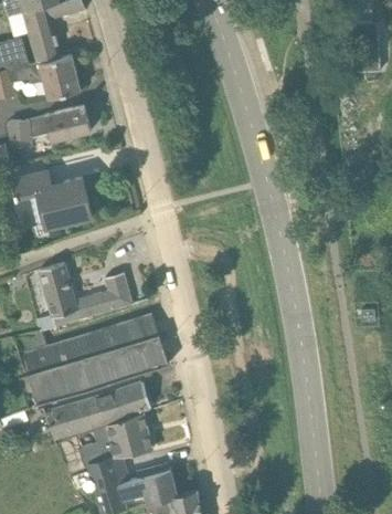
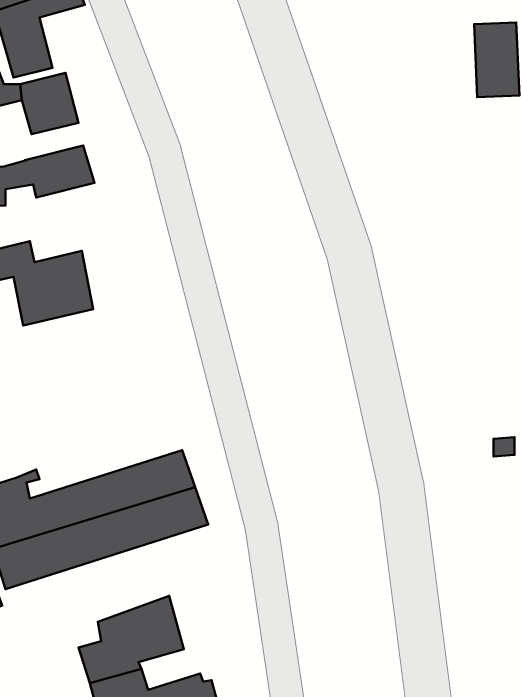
building: [35,262,133,332] -> none
building: [47,381,149,442] -> none

